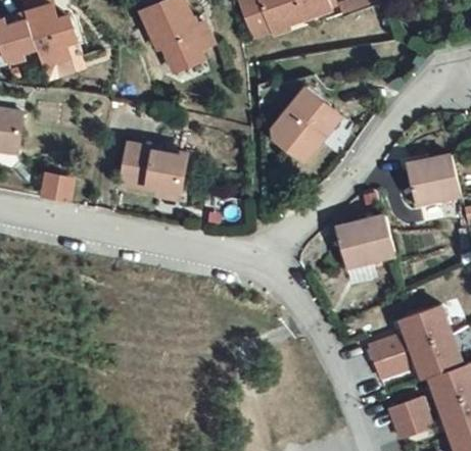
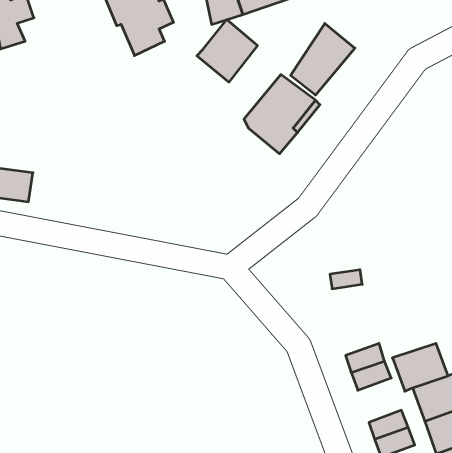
building: none -> [197,20,257,82]
building: none -> [291,23,355,95]
building: [117,143,185,194] -> none
building: [410,157,458,208] -> none
building: [334,214,391,266] -> none
building: [398,302,449,347] -> none

